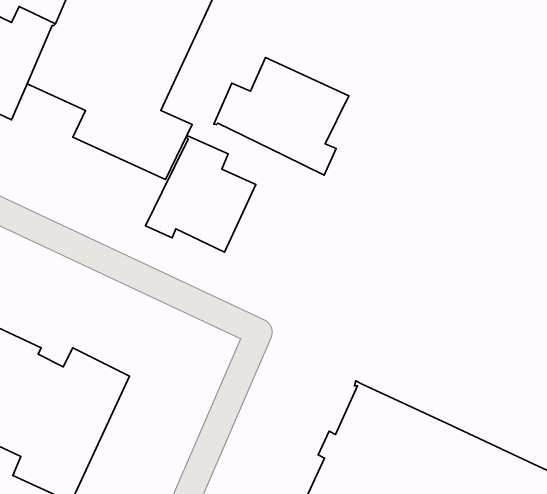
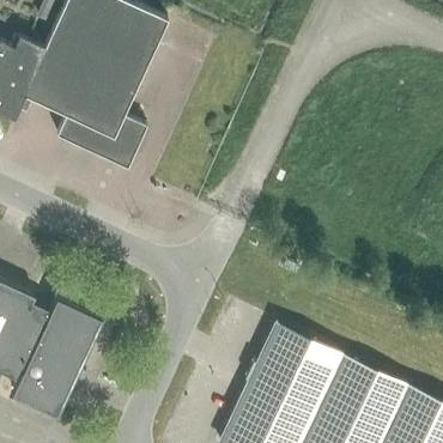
building: [214,57,349,175] -> none
building: [145,136,256,252] -> none

